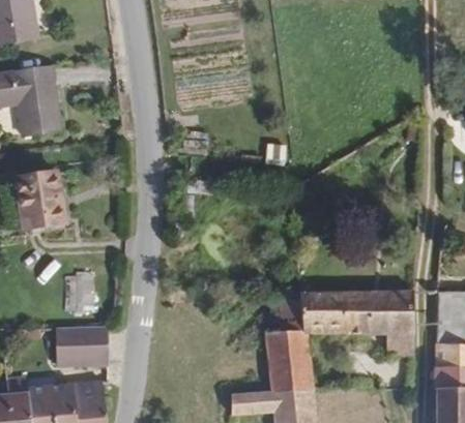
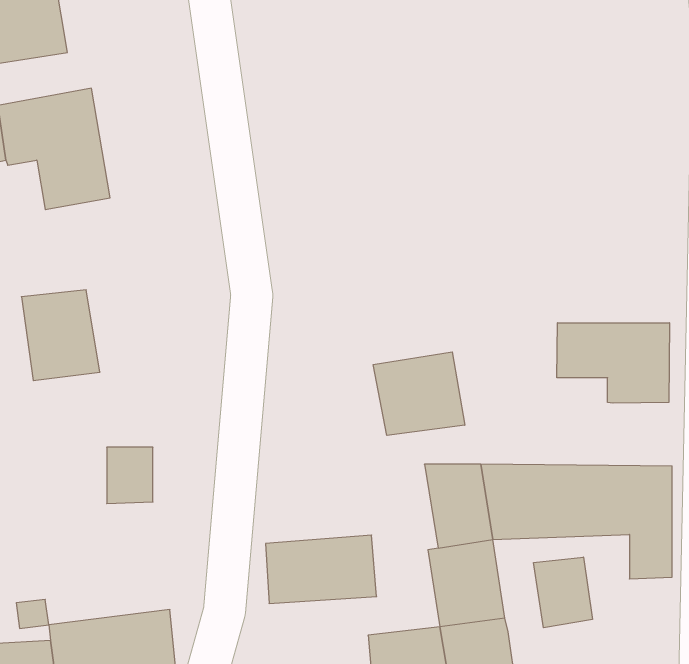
building: none -> [557,323,669,403]
building: none -> [373,352,465,435]
building: [45,331,112,372] -> [266,535,377,603]
building: none -> [534,557,592,628]

